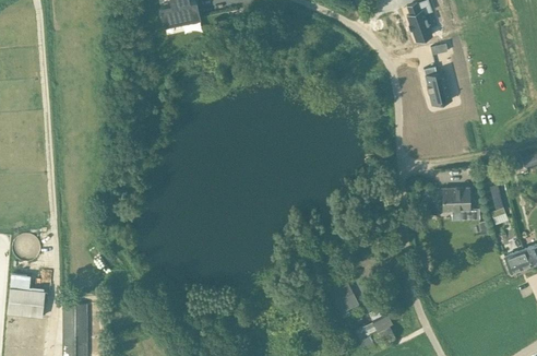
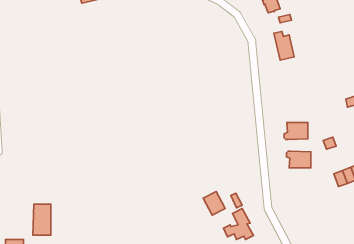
building: none -> [287,151,311,168]
building: [63,304,87,345] -> [33,204,51,235]

